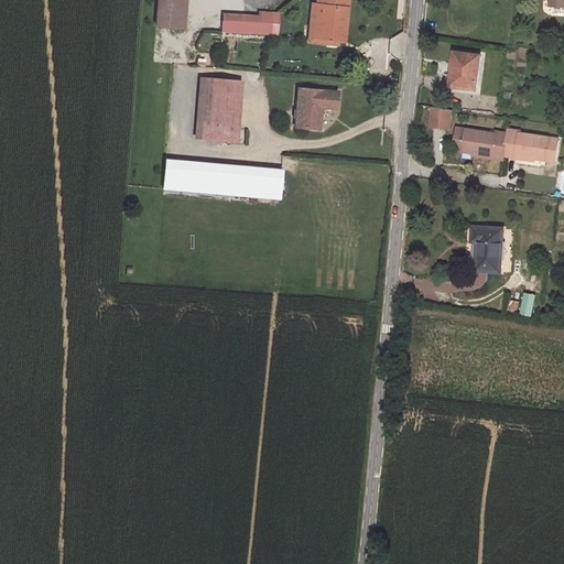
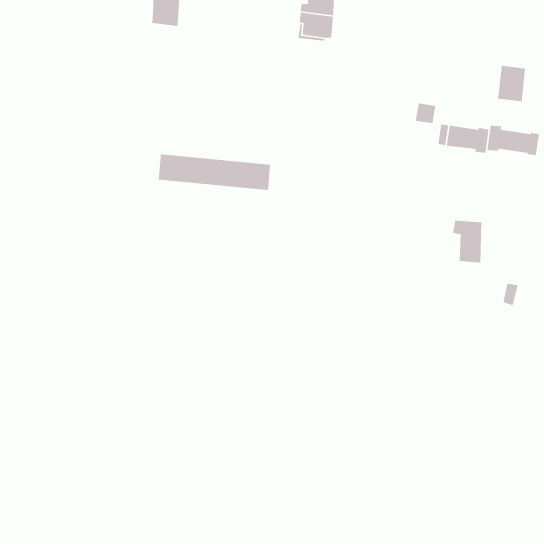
building: [224,11,272,33] -> none
building: [452,52,481,90] -> [497,65,526,102]
building: [196,77,242,139] -> none
building: [294,87,338,128] -> none

